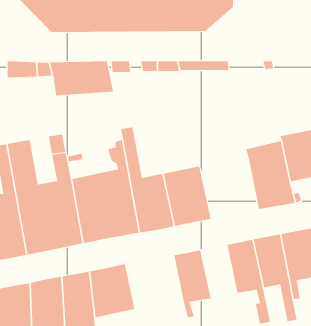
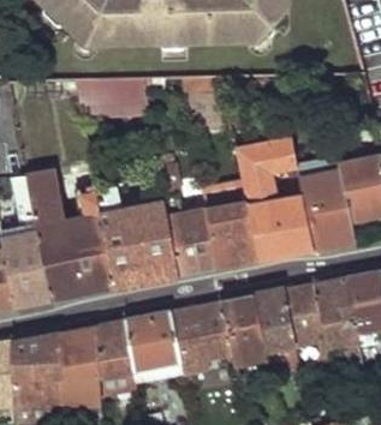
building: none -> [237,138,314,259]
building: none -> [249,288,293,366]
building: none -> [163,300,228,361]

